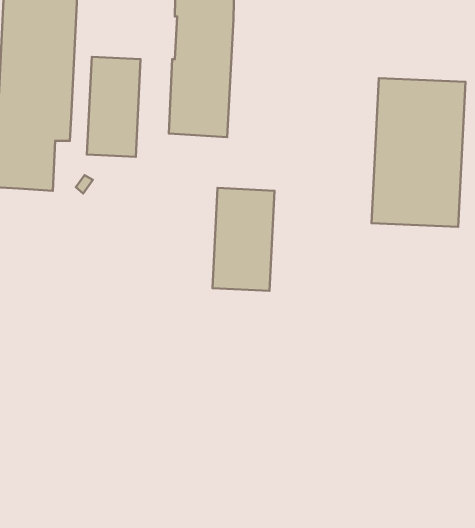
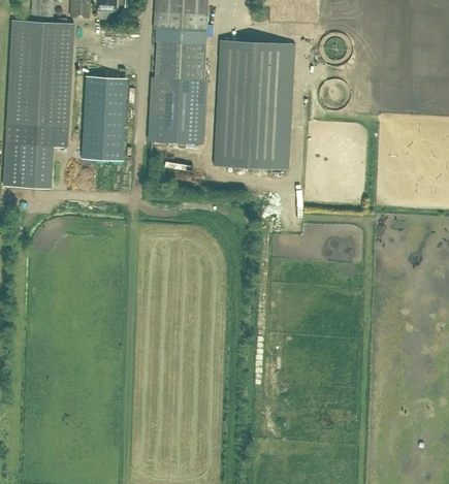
building: [372,78,466,227] -> [215,41,294,167]
building: [212,188,275,291] -> none

